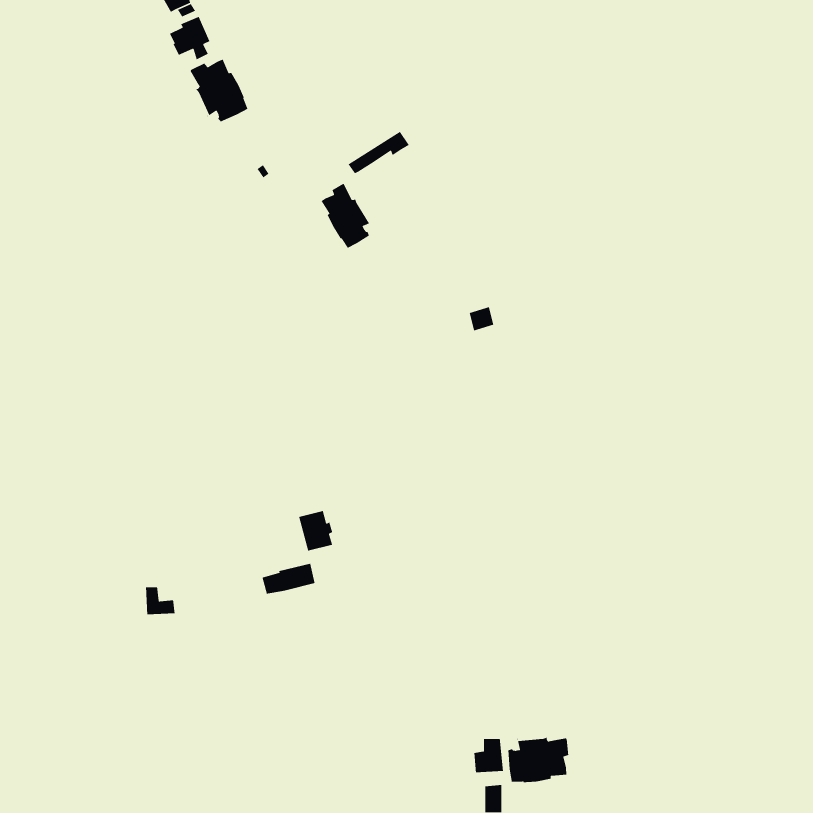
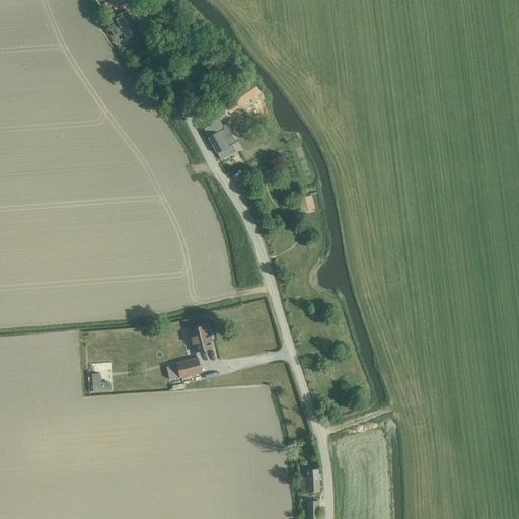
building: [190,58,248,123] -> none
building: [507,736,569,783] -> none

